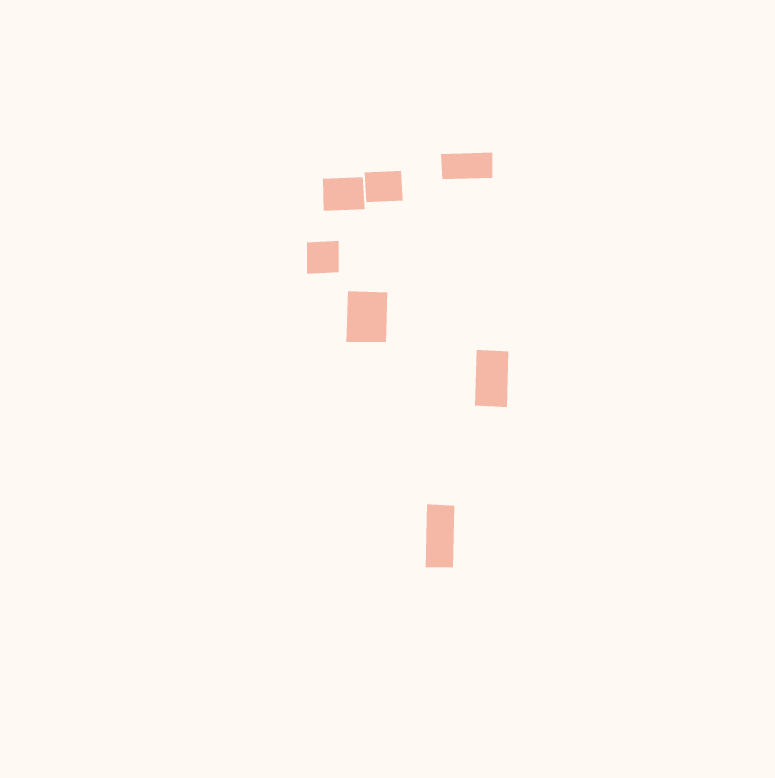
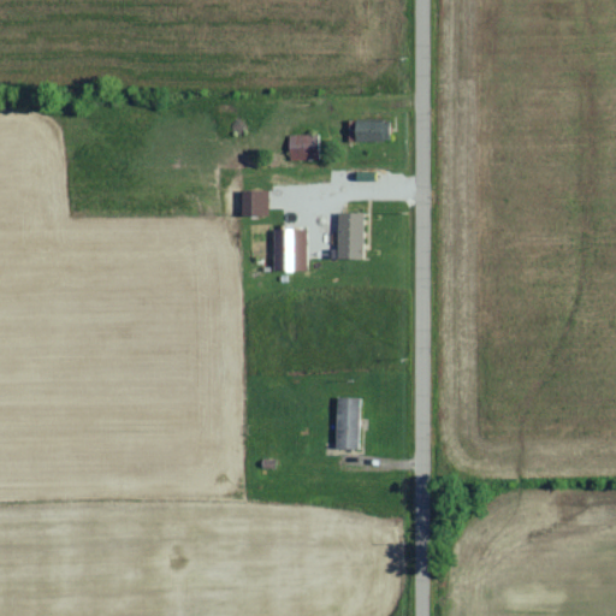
building: [322,177,365,211] -> none
building: [474,350,509,407] -> [337,213,365,259]

